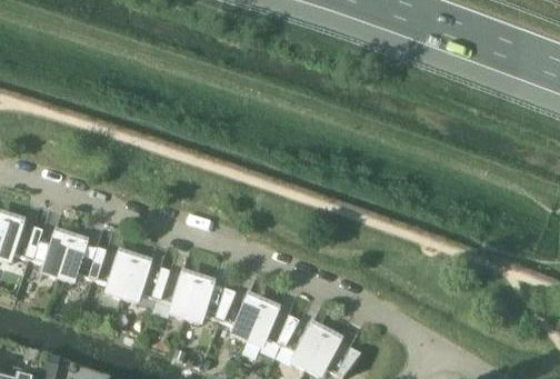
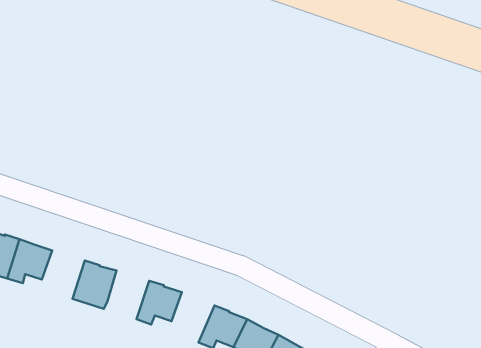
building: [91,249,133,297] -> none
building: [156,269,197,317] -> none
building: [219,290,261,340] -> none

